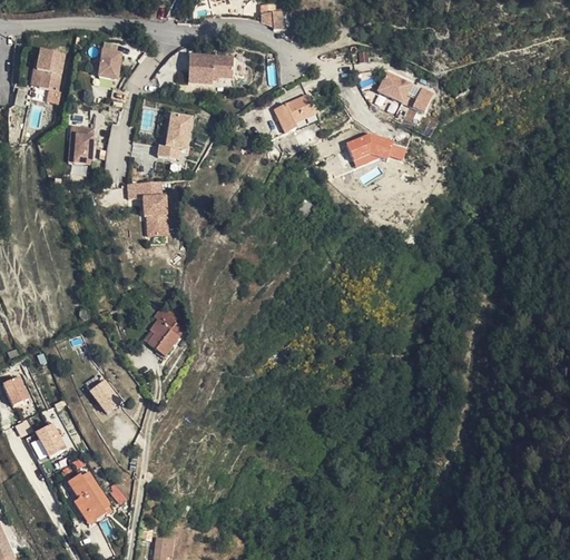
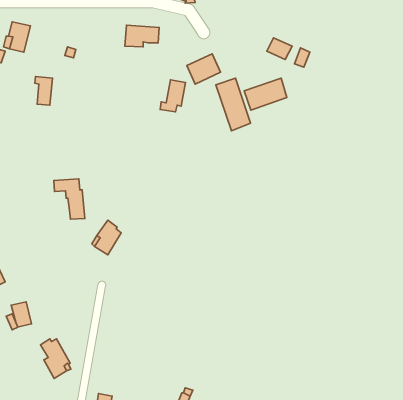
building: [98,50,121,78] -> none
building: [156,116,189,158] -> [160,80,186,112]
building: none -> [216,78,251,131]
building: [128,185,169,238] -> [54,179,85,219]
building: [89,377,122,413] -> none

